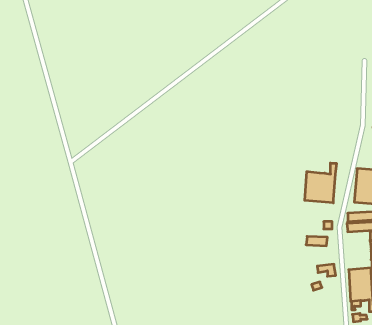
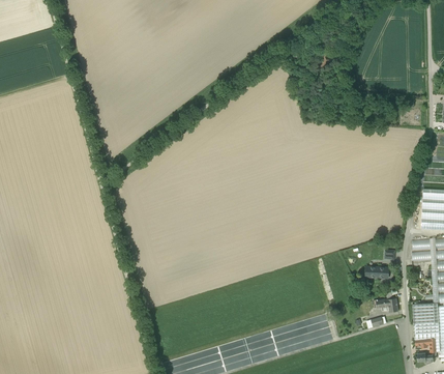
building: [305,163,336,203] -> none

